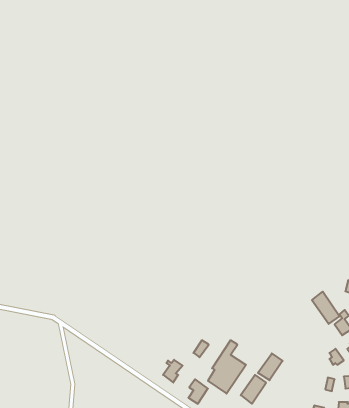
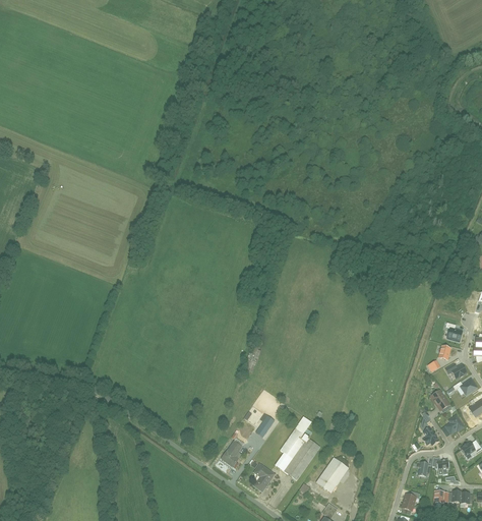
building: [312,292,340,324] -> none
building: [258,353,283,380] -> none

